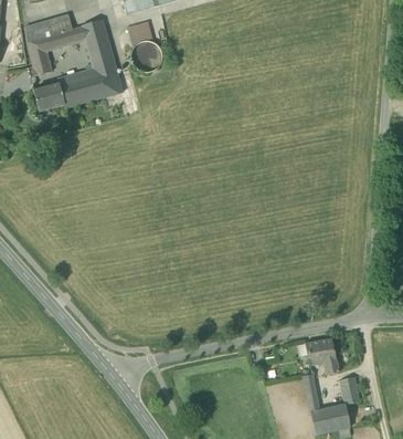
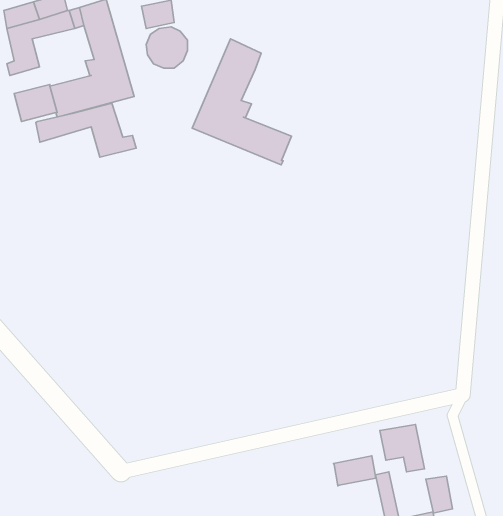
building: none -> [192,39,292,165]
building: none -> [36,103,136,157]
building: none -> [334,456,376,486]

